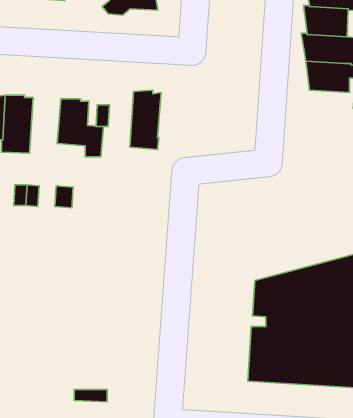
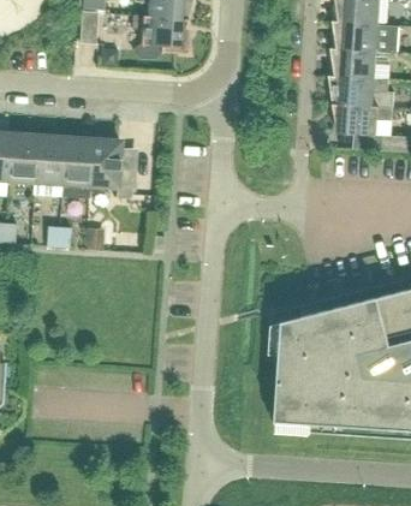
building: [130,90,161,150] -> [60,138,91,197]

